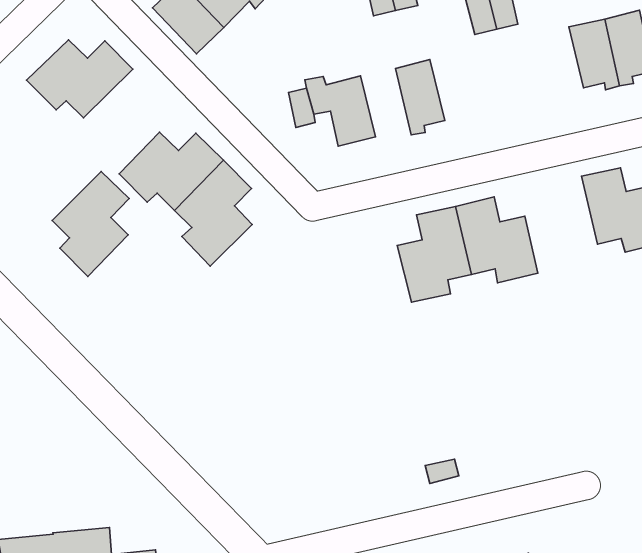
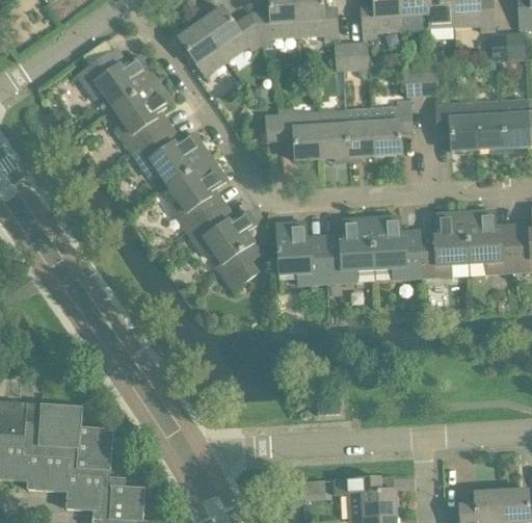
building: none -> [434,98,478,151]
building: none -> [371,101,413,155]
building: none -> [319,111,348,162]
building: [52,172,129,276] -> [114,79,172,153]
building: none -> [420,212,469,277]
building: none -> [187,206,262,289]
building: none -> [275,221,327,284]

